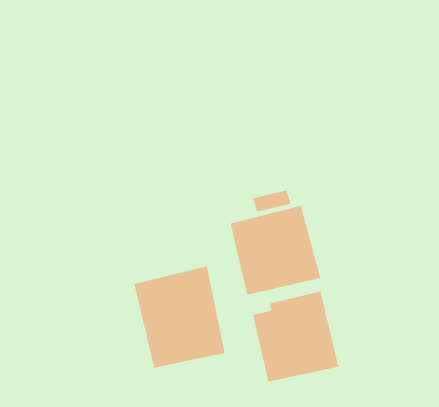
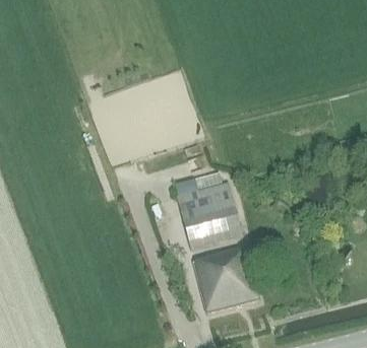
building: [134,266,225,369] -> none

